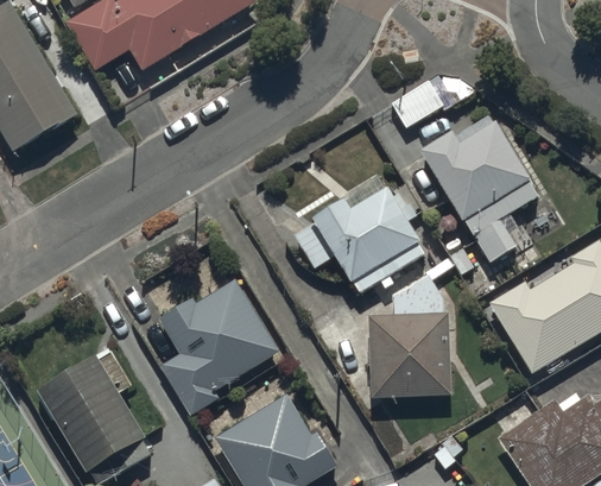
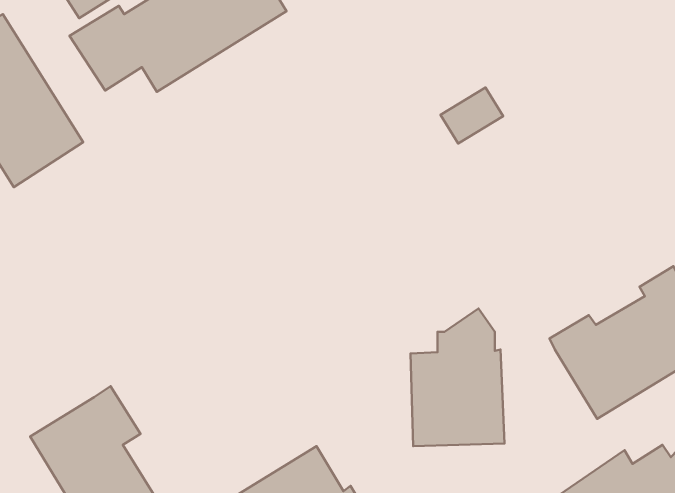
building: [418,115,539,265] -> none
building: [295,185,426,296] -> none
building: [158,277,279,414] -> none

